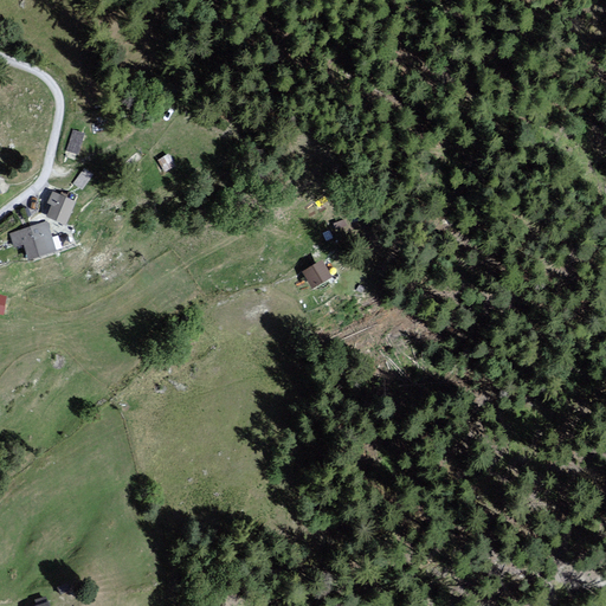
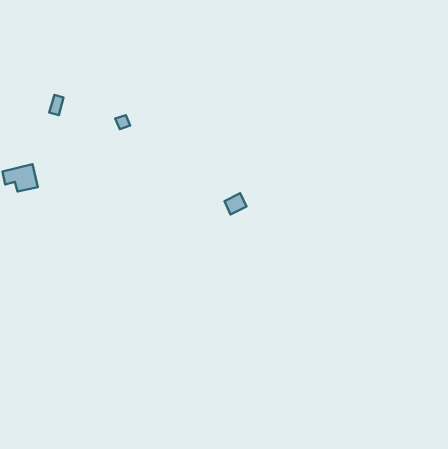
building: [44,193,73,225] -> none

